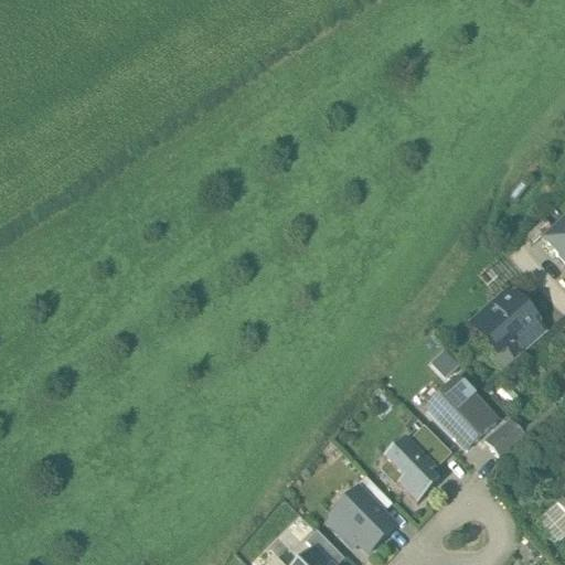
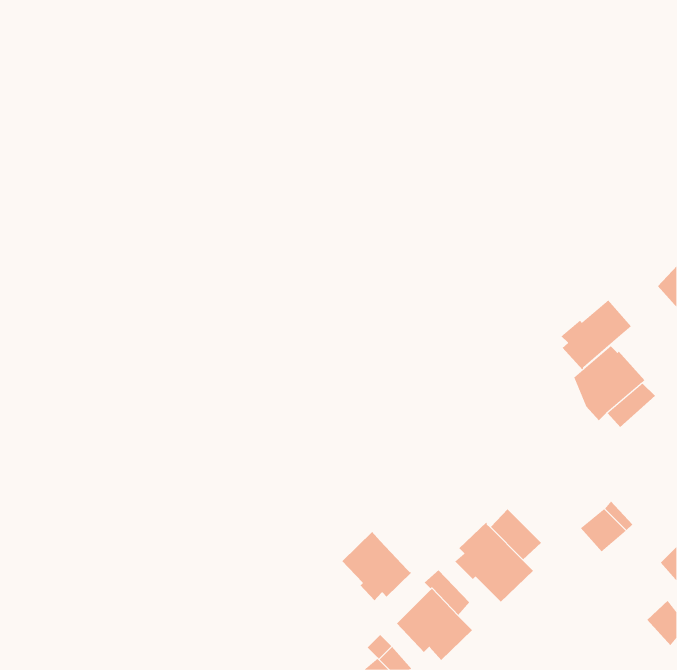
building: none -> [561,299,632,370]
building: [426,377,495,448] -> none
building: none -> [342,531,412,601]

